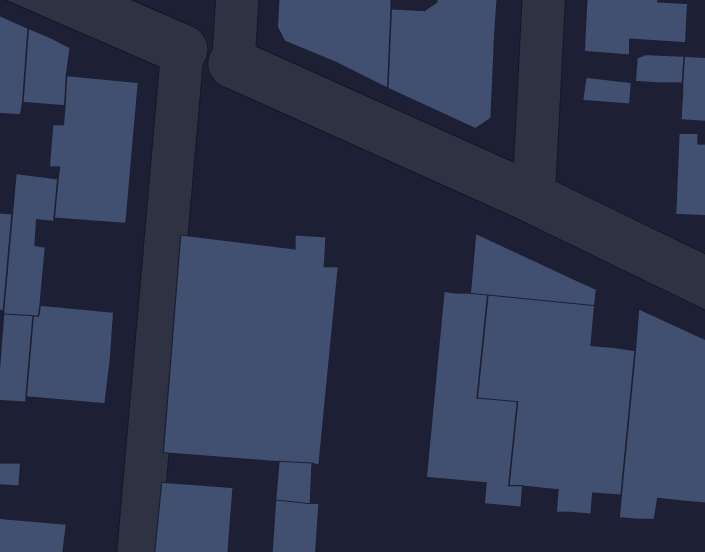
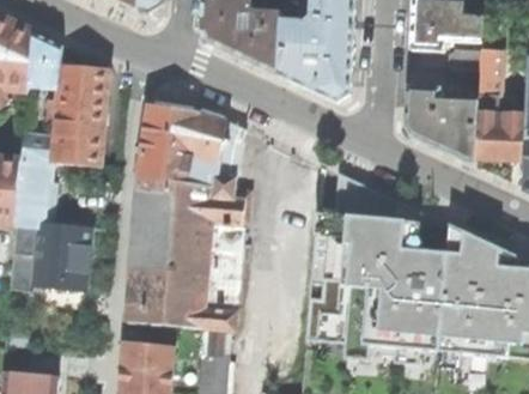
building: none -> [406,86,476,162]
building: none -> [136,102,244,182]

